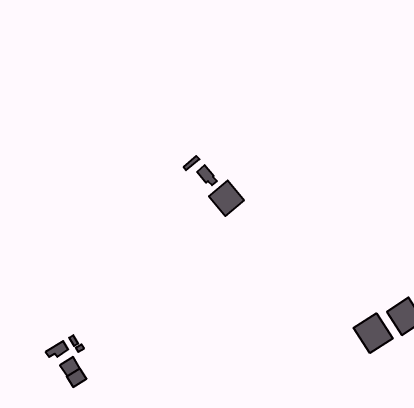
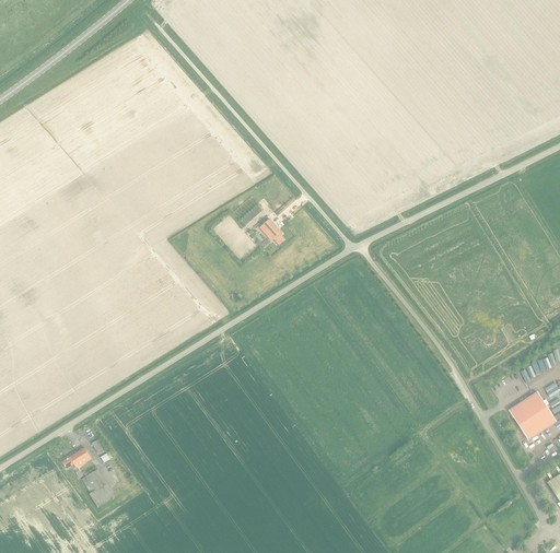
building: [209,180,244,216] -> none
building: [354,313,393,353] -> none

